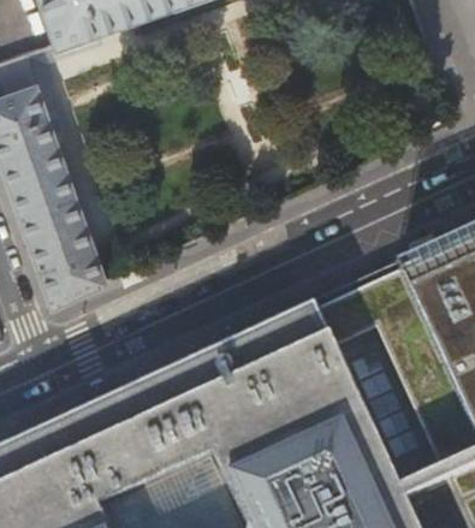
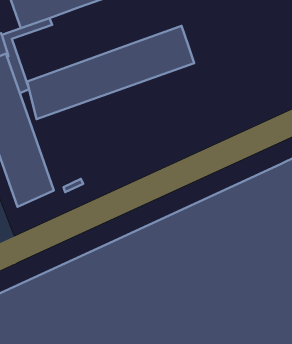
building: none -> [27,26,194,119]

